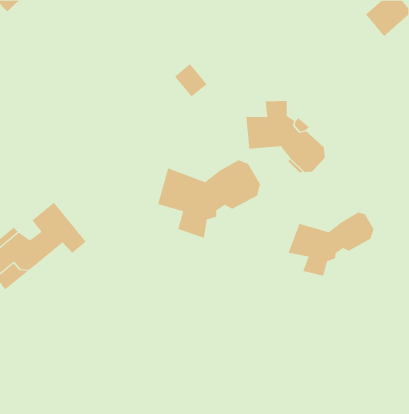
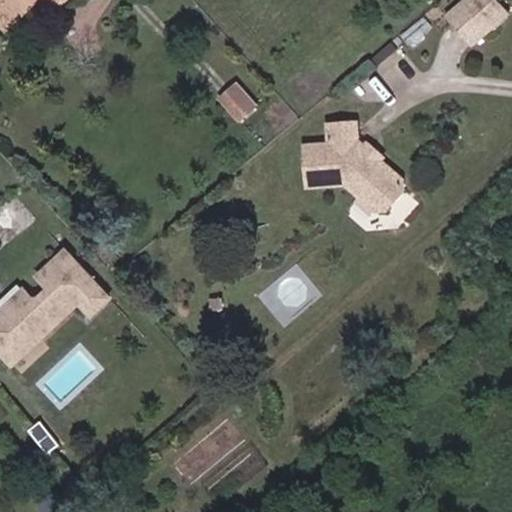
building: [158,159,261,238] -> none
building: [288,212,374,276] -> none

